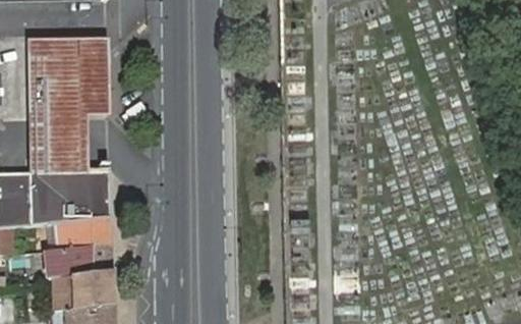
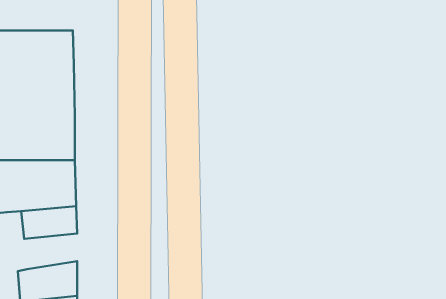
building: [45,242,110,280] -> none

